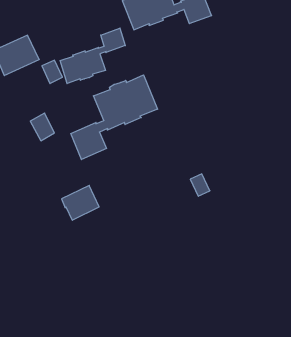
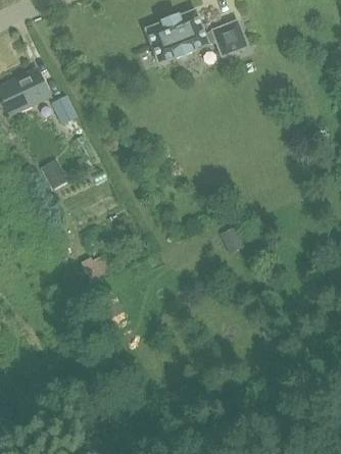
building: [60,28,125,84] -> none
building: [71,75,158,160] -> none

